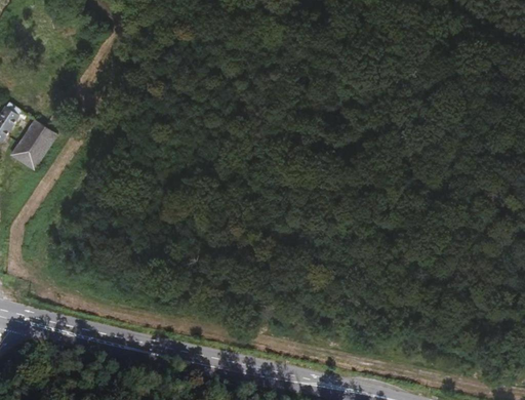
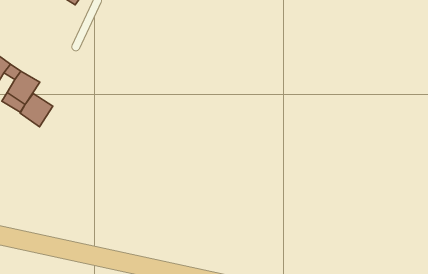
building: none -> [20,94,53,127]

